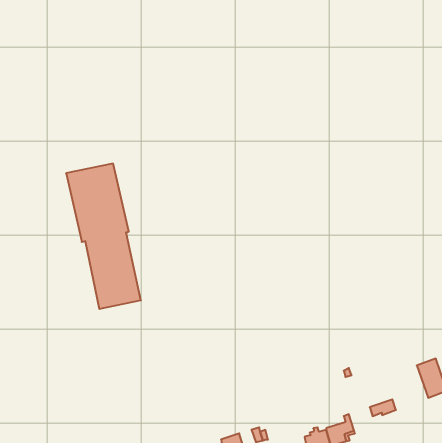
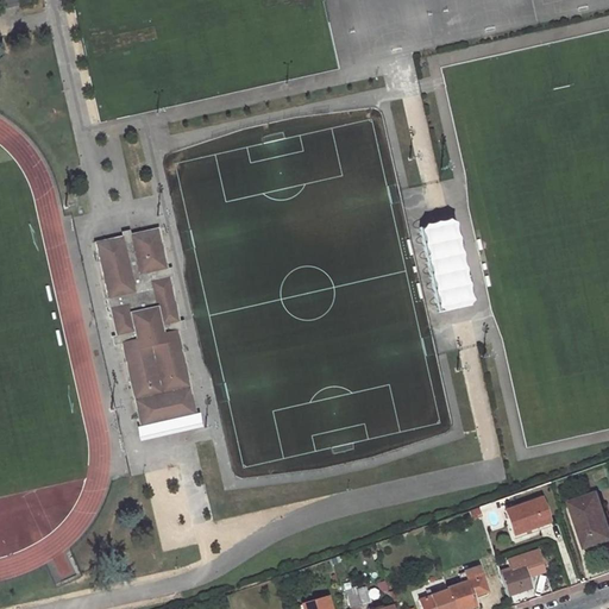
building: none -> [508,497,552,533]
building: none -> [502,566,532,595]

